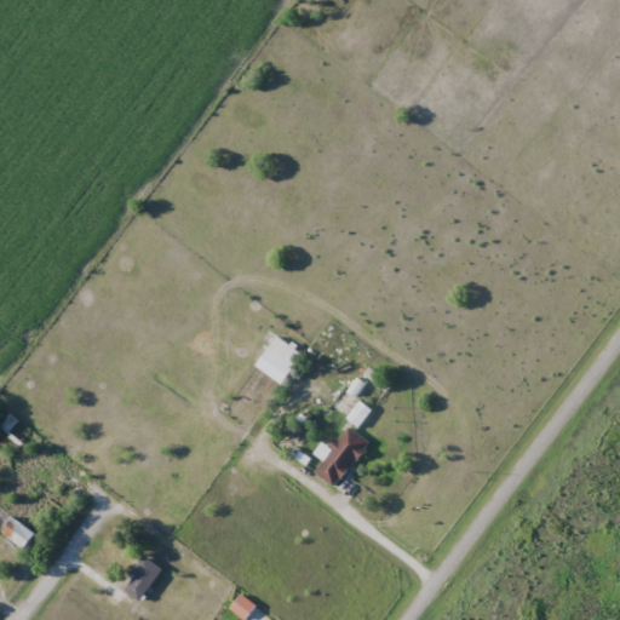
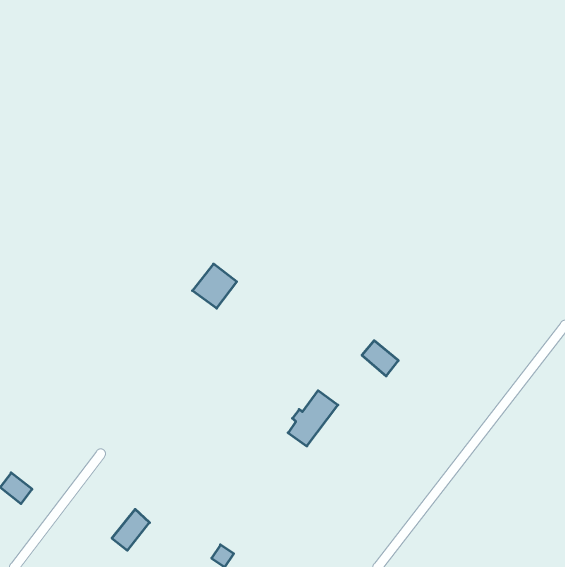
building: [254,335,303,384] -> [192,264,237,308]
building: [331,389,371,427] -> [362,341,398,376]

